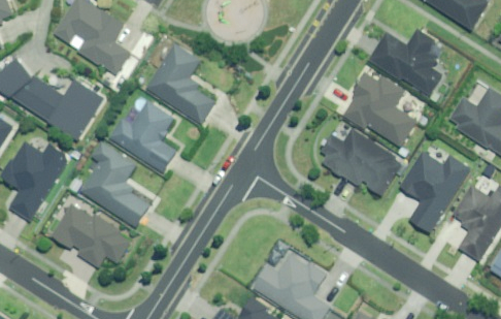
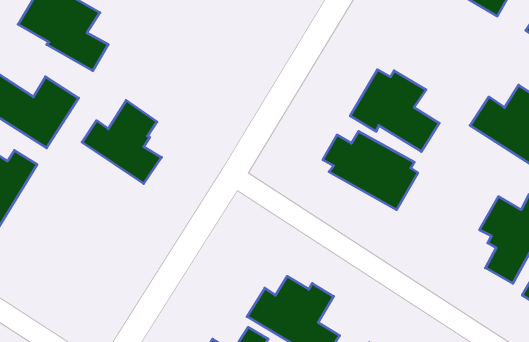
building: [368,26,445,95] -> none
building: [144,42,215,124] -> none
building: [79,141,149,227] -> none
building: [400,150,471,231] -> none
building: [51,203,132,264] -> none

